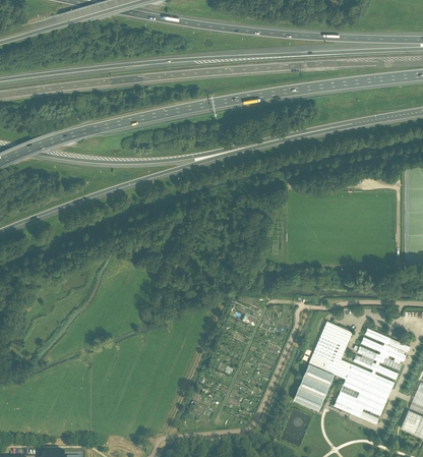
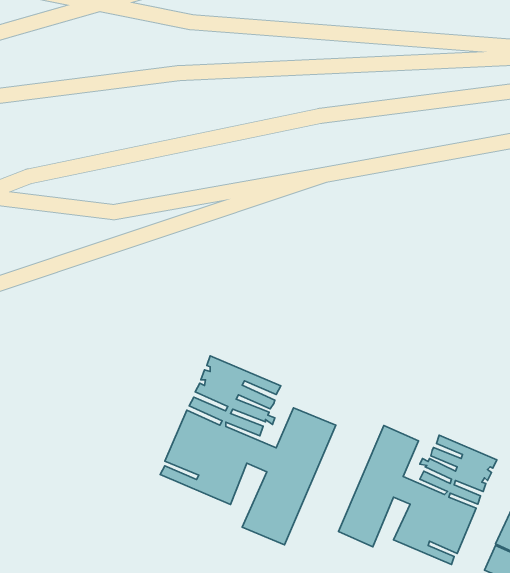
building: none -> [160,356,336,545]

